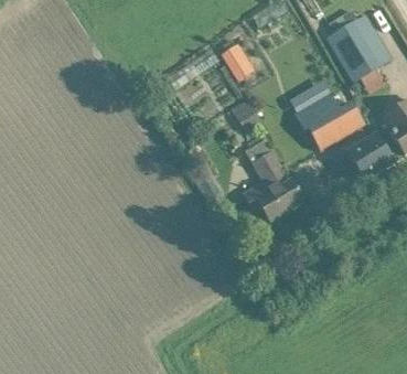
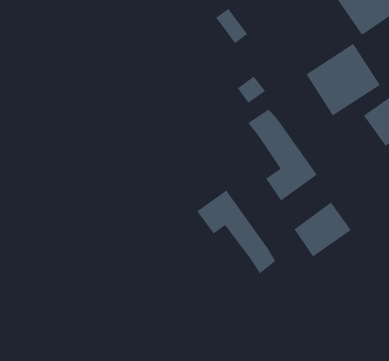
building: none -> [196,189,276,274]
building: none -> [294,201,352,258]

